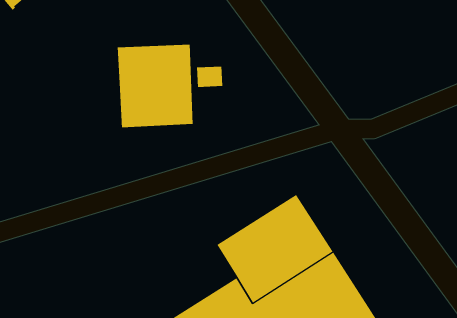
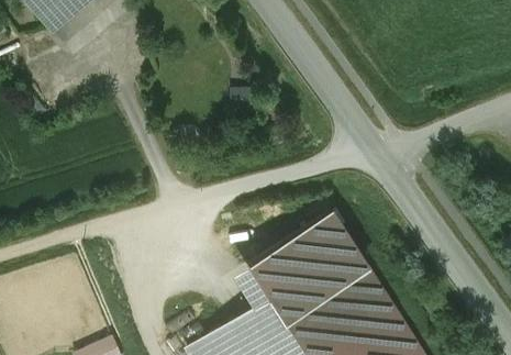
building: [117,44,193,128] -> none

